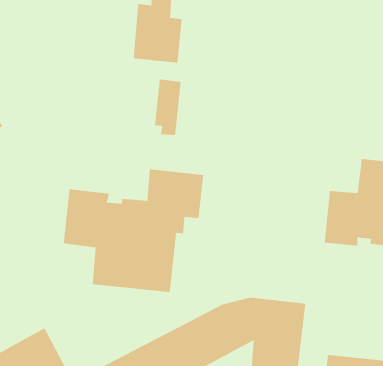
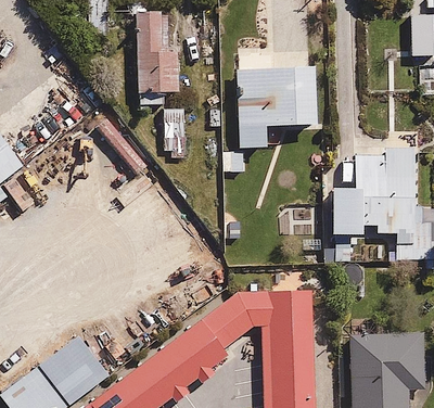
building: none -> [219,48,317,170]
building: [63,169,204,293] -> none

